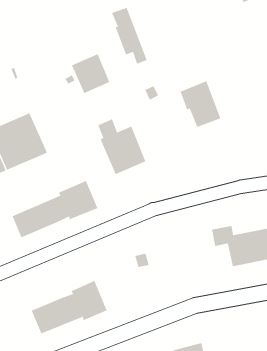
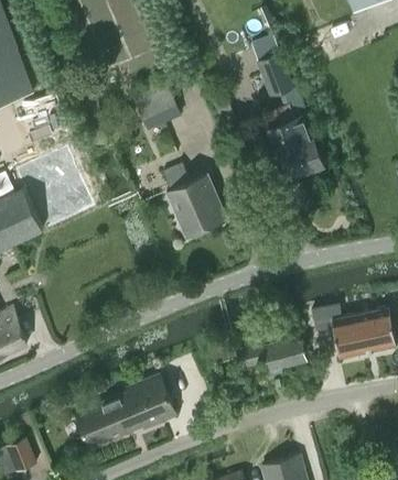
building: [111,7,148,64] -> [251,34,299,109]
building: [12,180,98,238] -> none
building: none -> [235,337,305,370]

